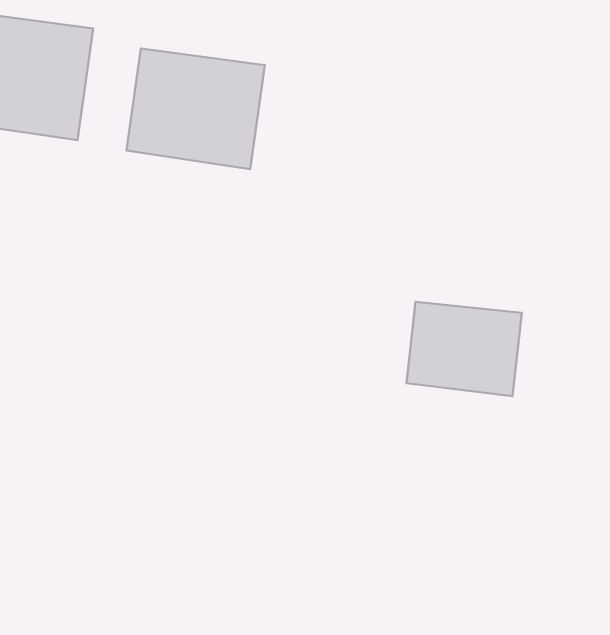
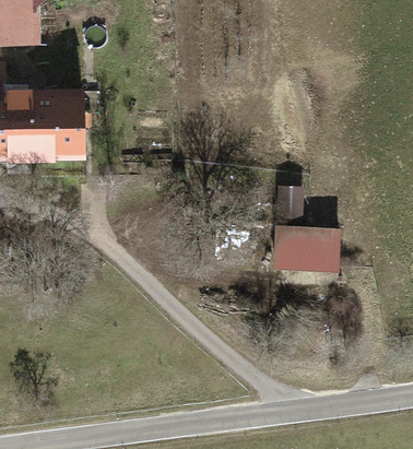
building: [126,48,265,169] -> none

